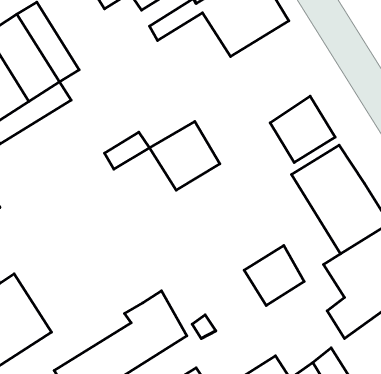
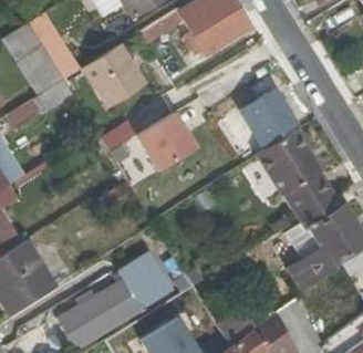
building: none -> [83,44,145,107]
building: [244,246,304,305] -> none

